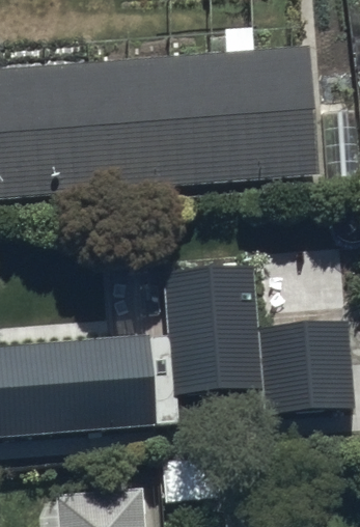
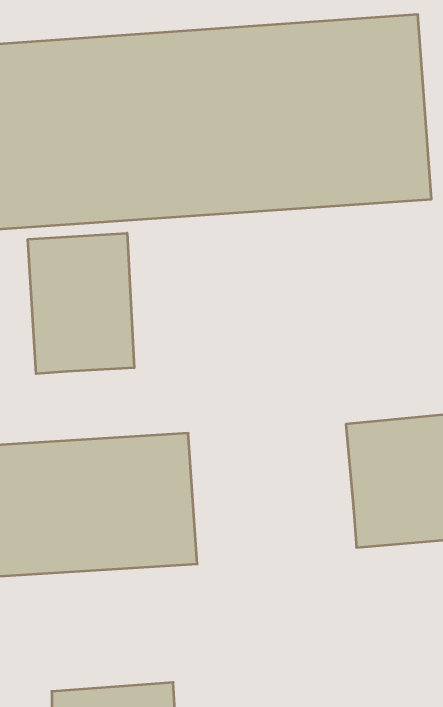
building: none -> [28,233,134,374]
building: [162,259,265,394] -> none

